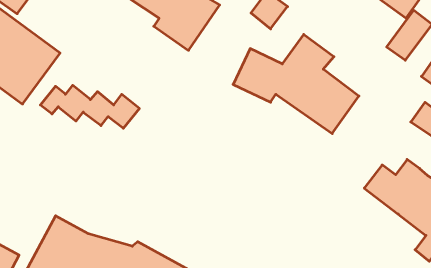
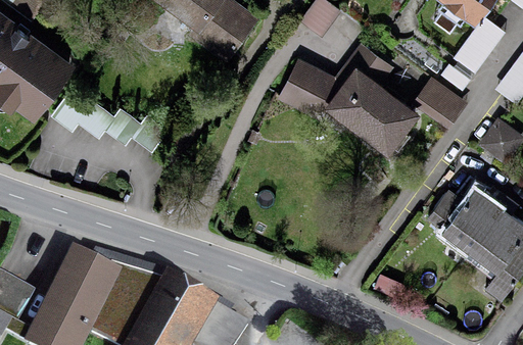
building: none -> [410,75,461,124]

